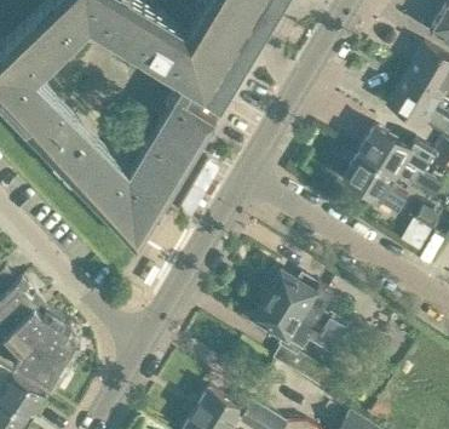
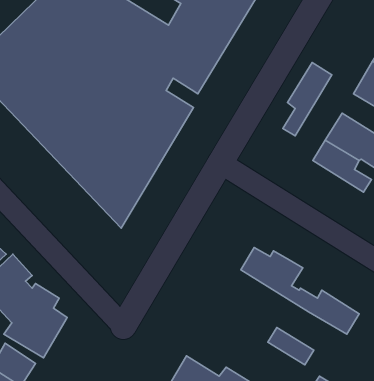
building: none -> [283,63,332,136]
building: [253,296,339,354] -> none

